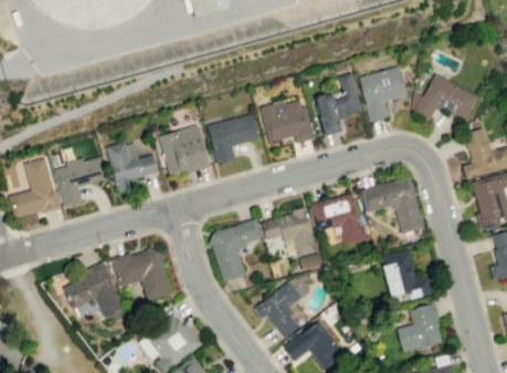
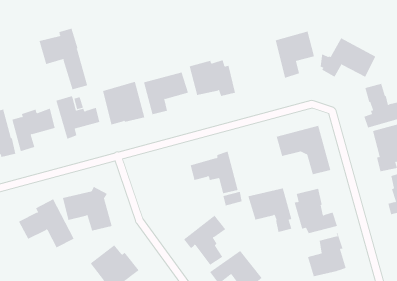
building: none -> [39,28,88,90]
building: [315,72,362,136] -> none
building: [309,194,361,246] -> [247,188,292,233]
building: [208,219,260,282] -> none

